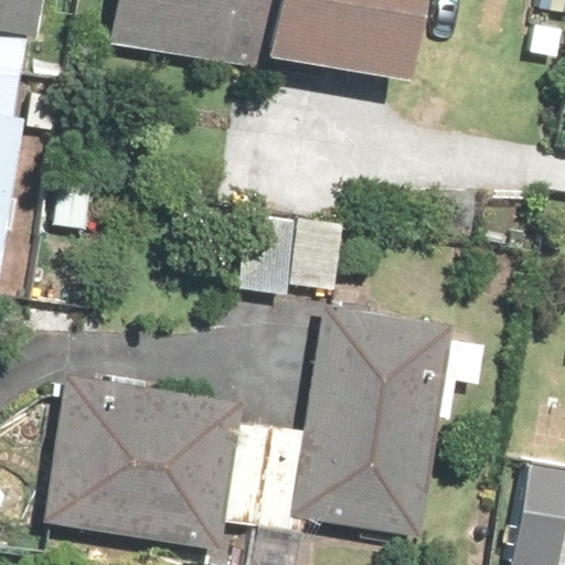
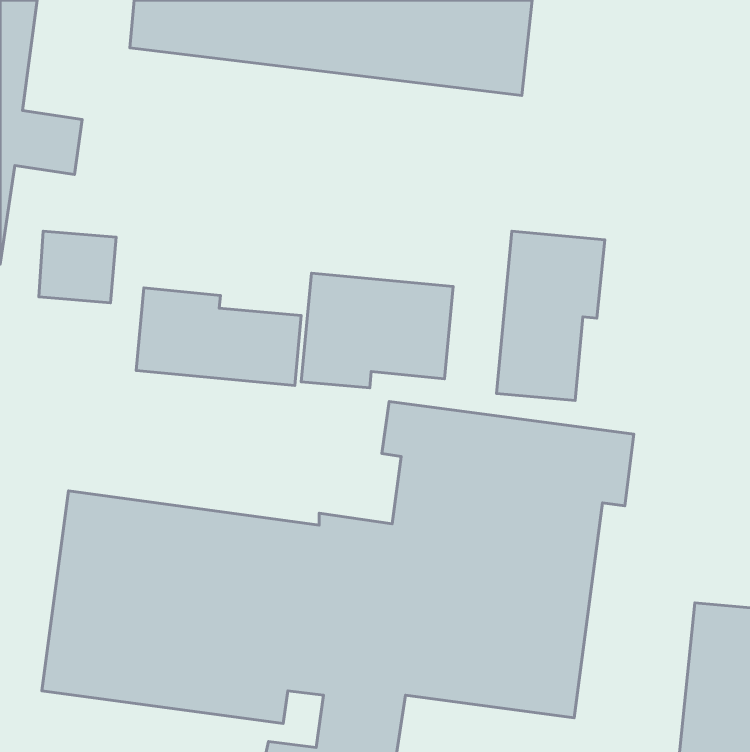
building: none -> [496,231,605,401]
building: none -> [136,288,301,386]

